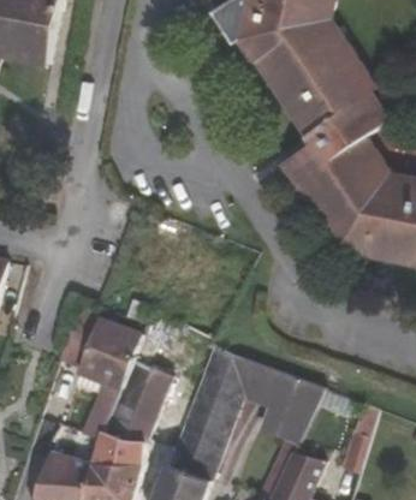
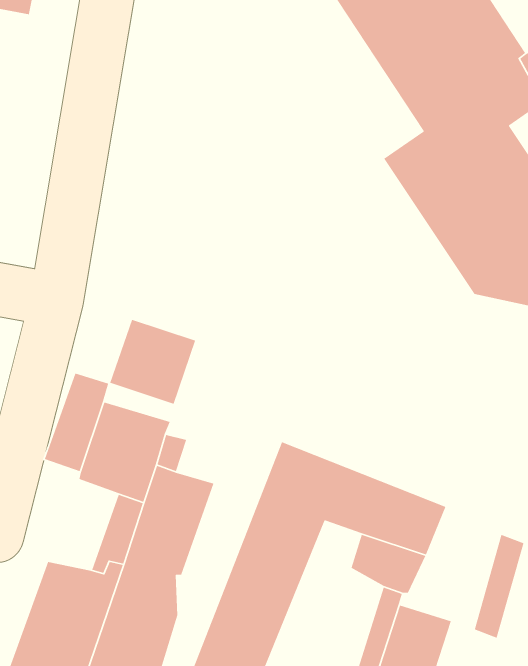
building: none -> [109,319,196,405]

